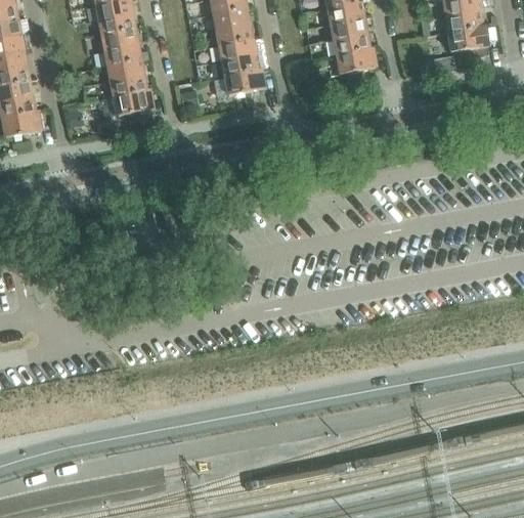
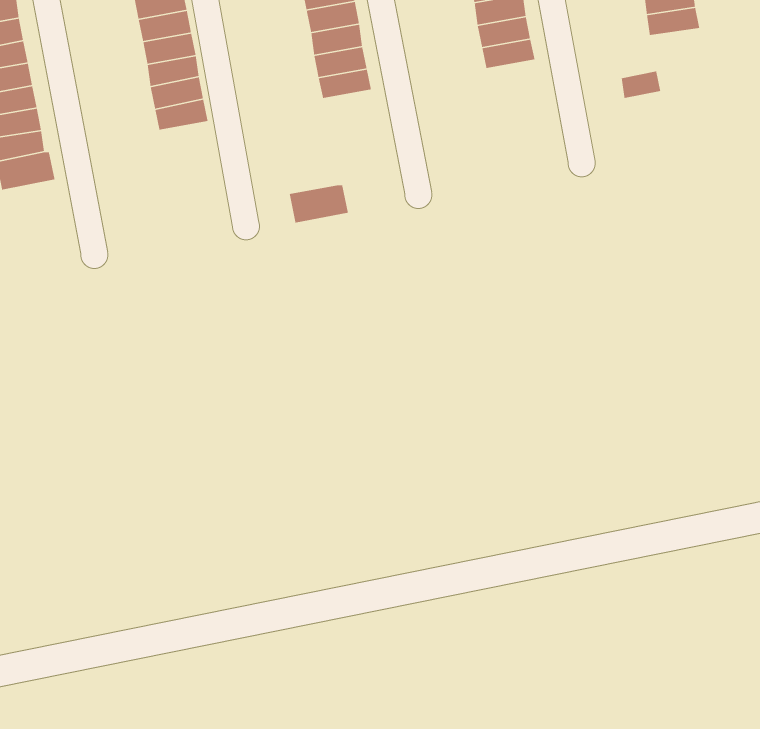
building: [447,25,488,55] -> none
building: [336,45,377,73] -> none
building: [224,67,265,93] -> [289,184,349,224]
building: [113,87,154,115] -> none

